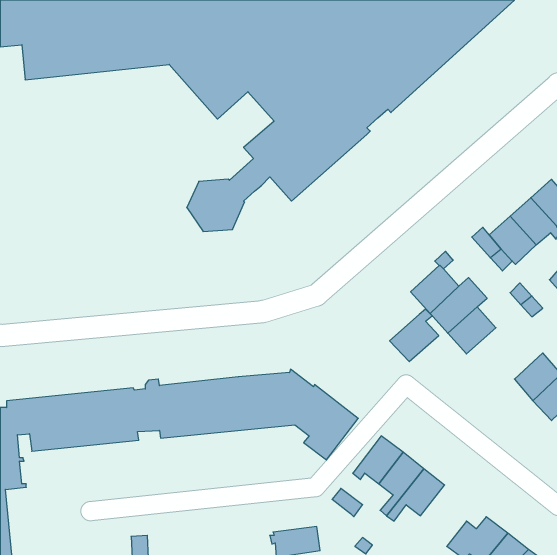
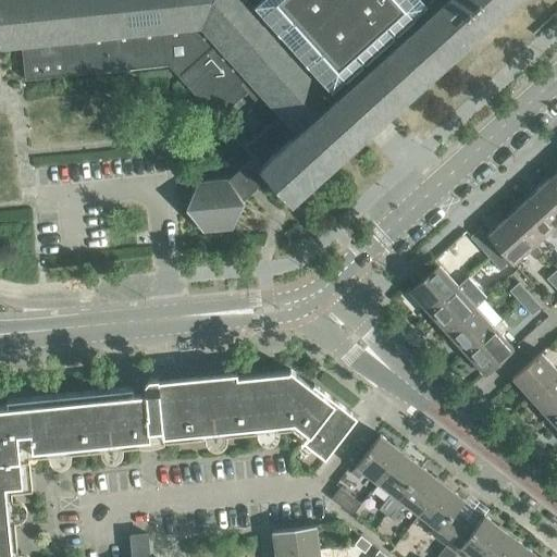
building: [390,309,439,362] -> [466,324,515,376]
building: none -> [420,486,466,547]

